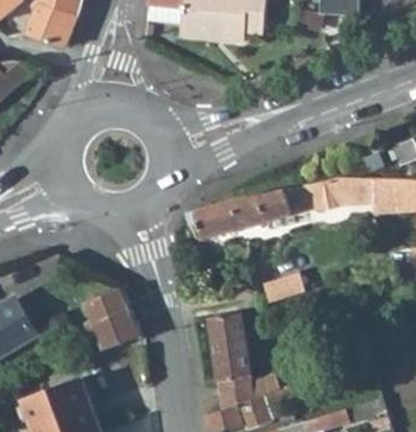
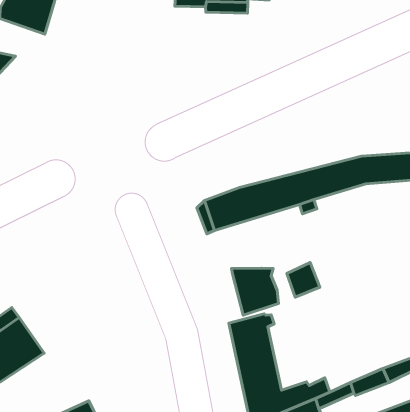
building: none -> [231,268,278,315]
building: [83,290,139,351] -> none

